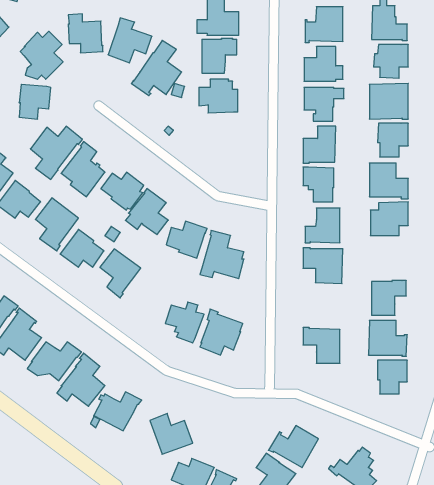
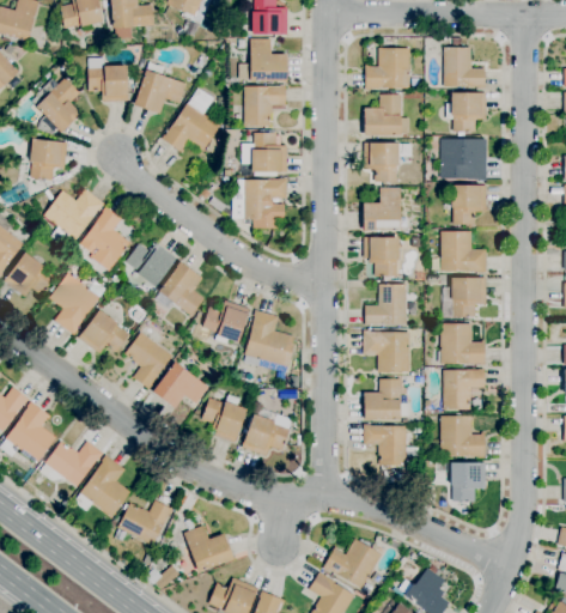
building: none -> [245,178,287,230]
building: none -> [442,324,485,366]
building: none -> [153,363,211,408]
building: none -> [365,377,410,420]

